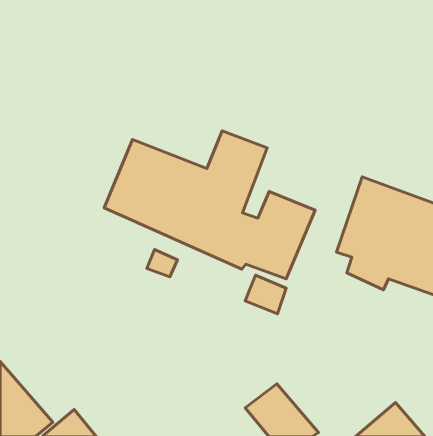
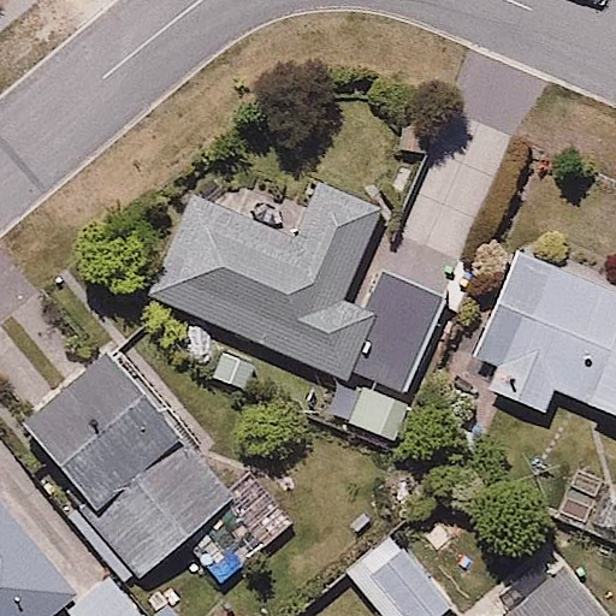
building: none -> [20,353,230,578]

